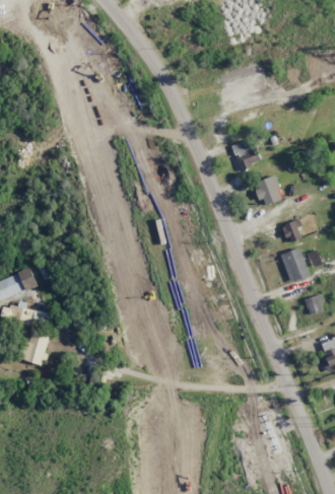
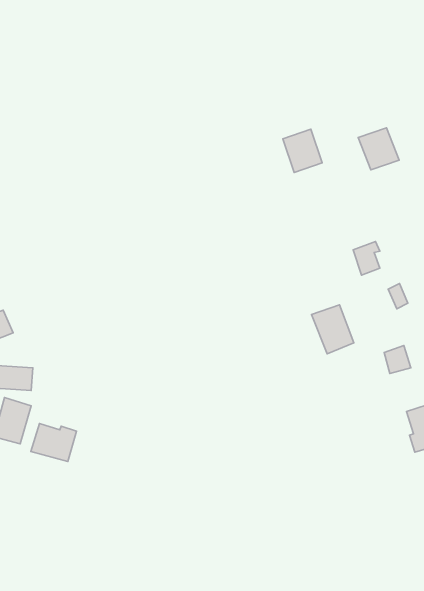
building: [254,175,283,206] -> [358,128,399,170]
building: [279,248,310,283] -> [312,305,354,354]
building: none -> [31,424,77,462]

